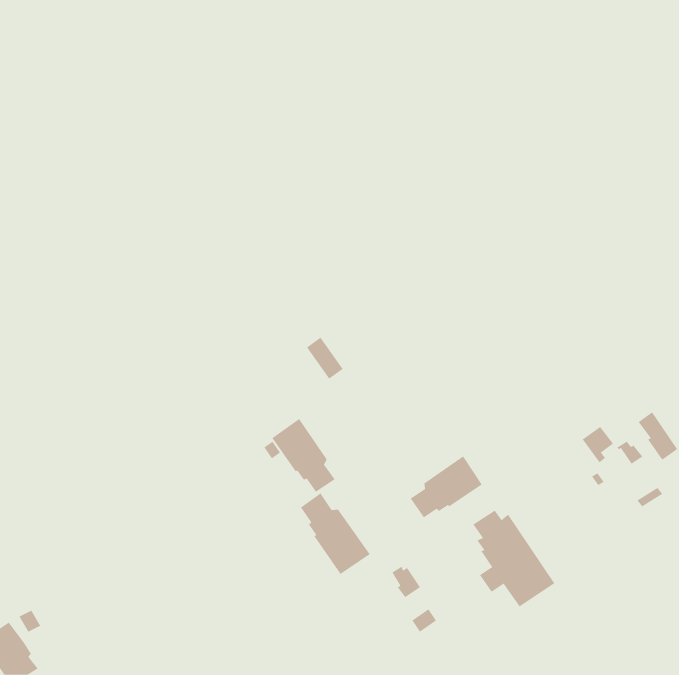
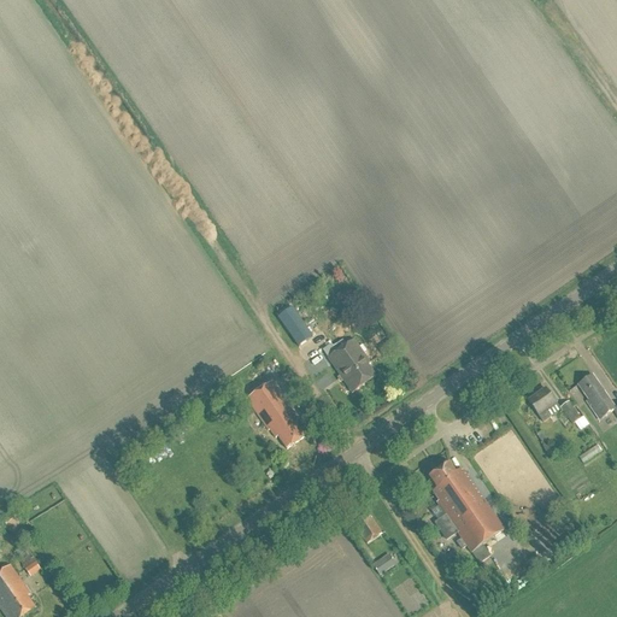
building: none -> [327,336,375,388]
building: [410,455,483,518] -> none
building: [300,492,370,575] -> none

